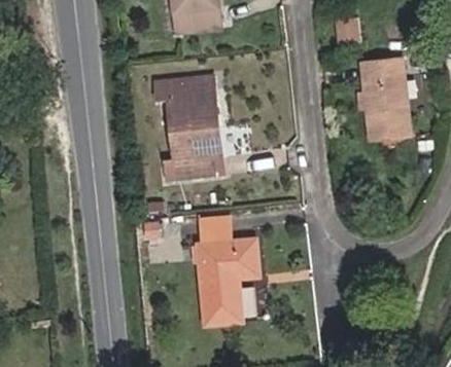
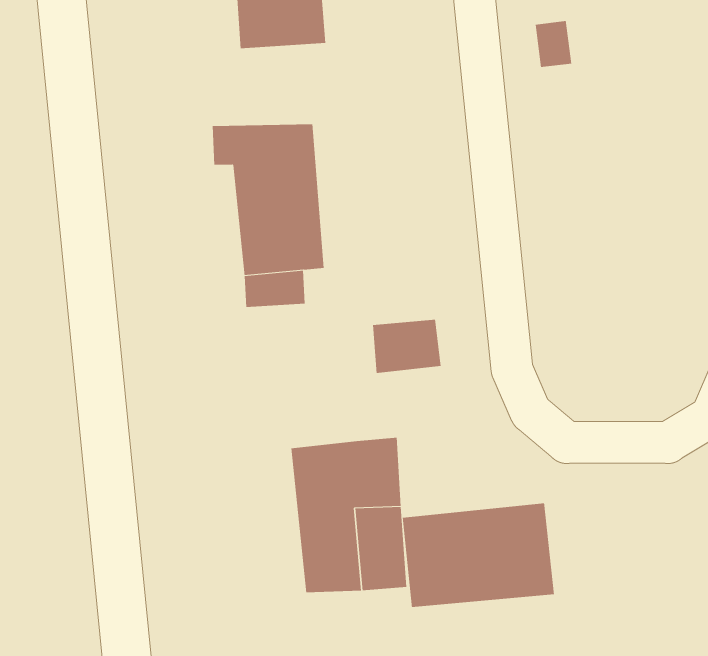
building: [360,61,411,135] -> none
building: [198,219,236,249] -> [372,319,441,374]
building: none -> [402,502,554,608]

